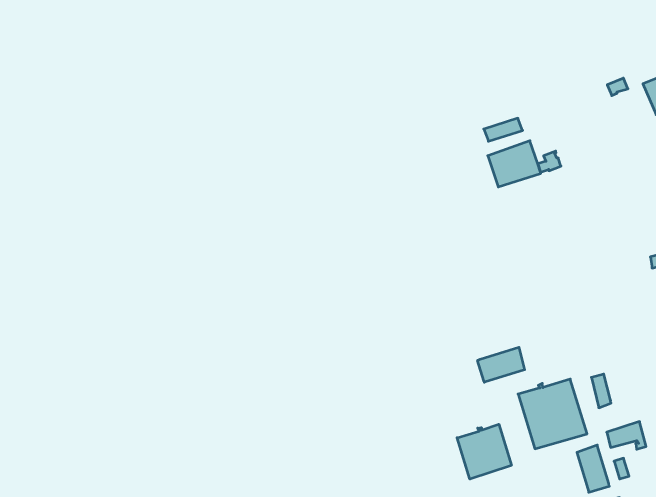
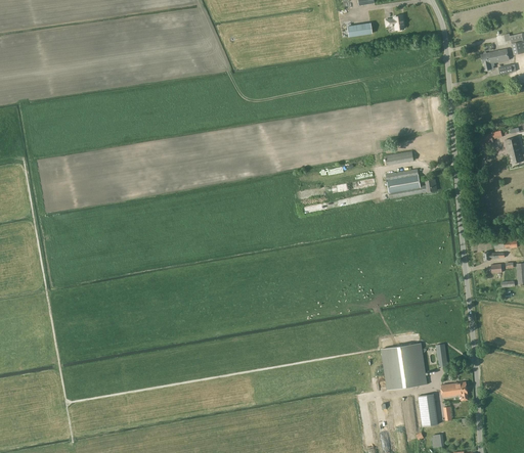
building: [478,347,525,382] -> none
building: [457,424,511,479] -> none

